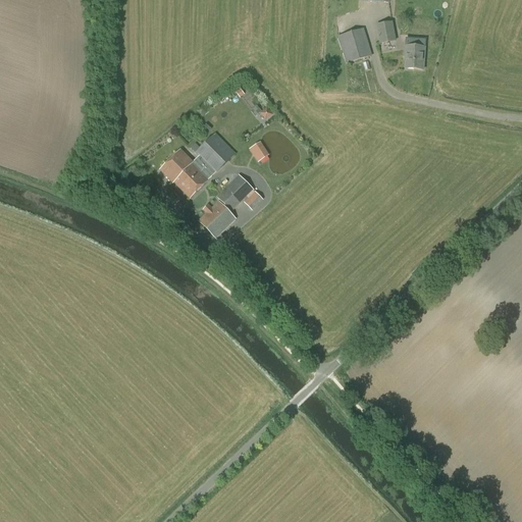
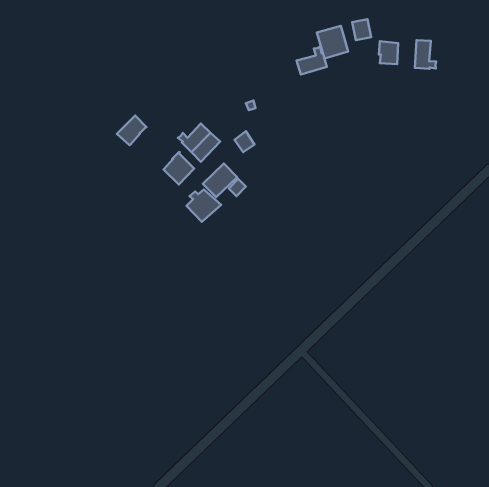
building: none -> [415,40,436,69]
building: none -> [297,47,327,75]
building: [160,150,192,181] -> [117,116,147,145]

